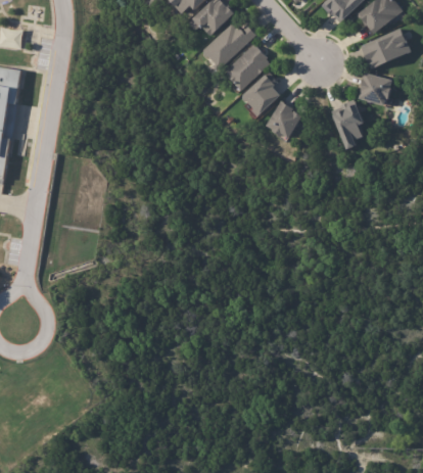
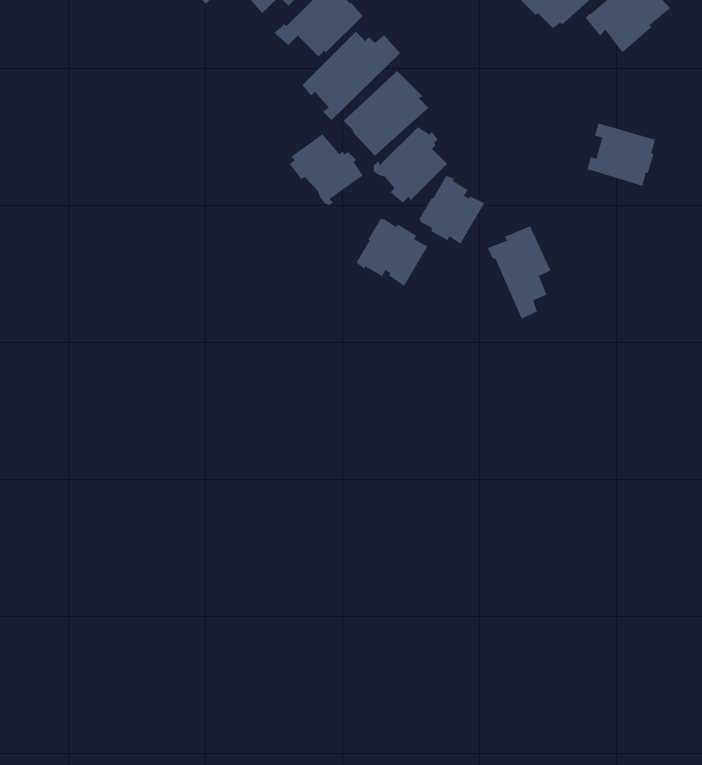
building: [362,28,412,69] -> none
building: none -> [289,133,363,206]
building: [330,100,365,151] -> [487,225,551,319]
building: none -> [356,217,428,287]

